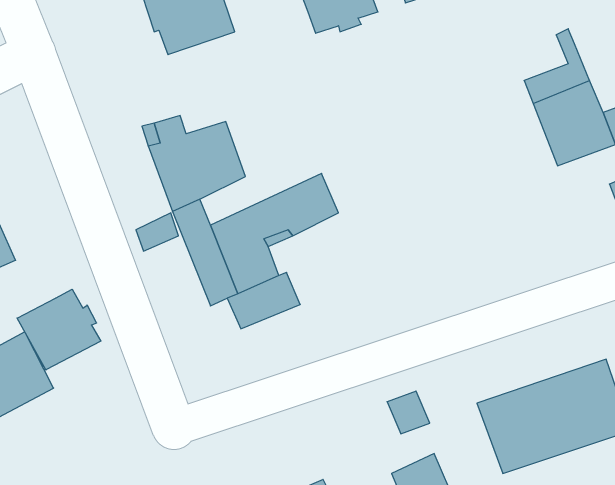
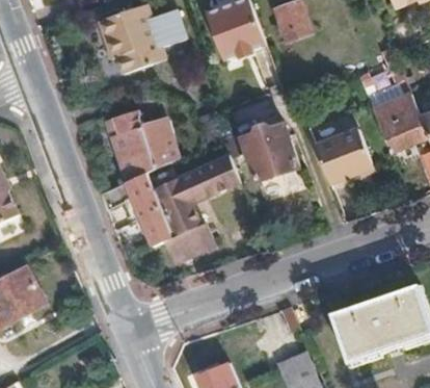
building: none -> [240,124,298,182]
building: none -> [311,125,371,182]
building: [17,289,101,370] -> none

